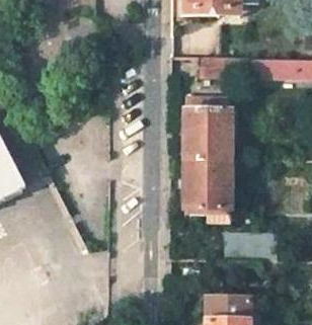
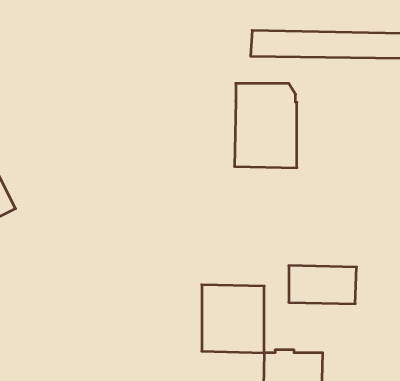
building: [185,158,232,209] -> [202,285,264,353]

